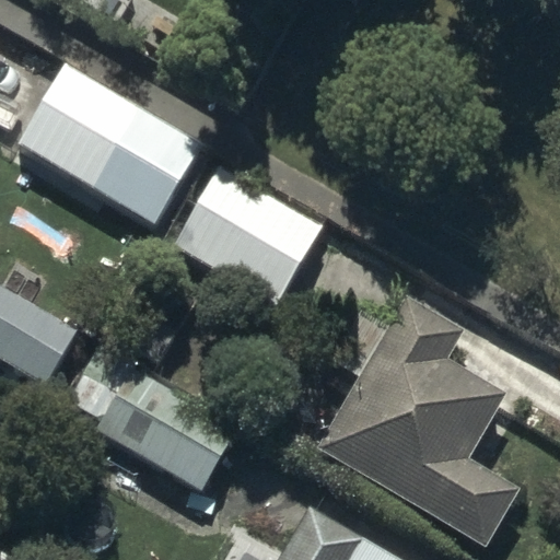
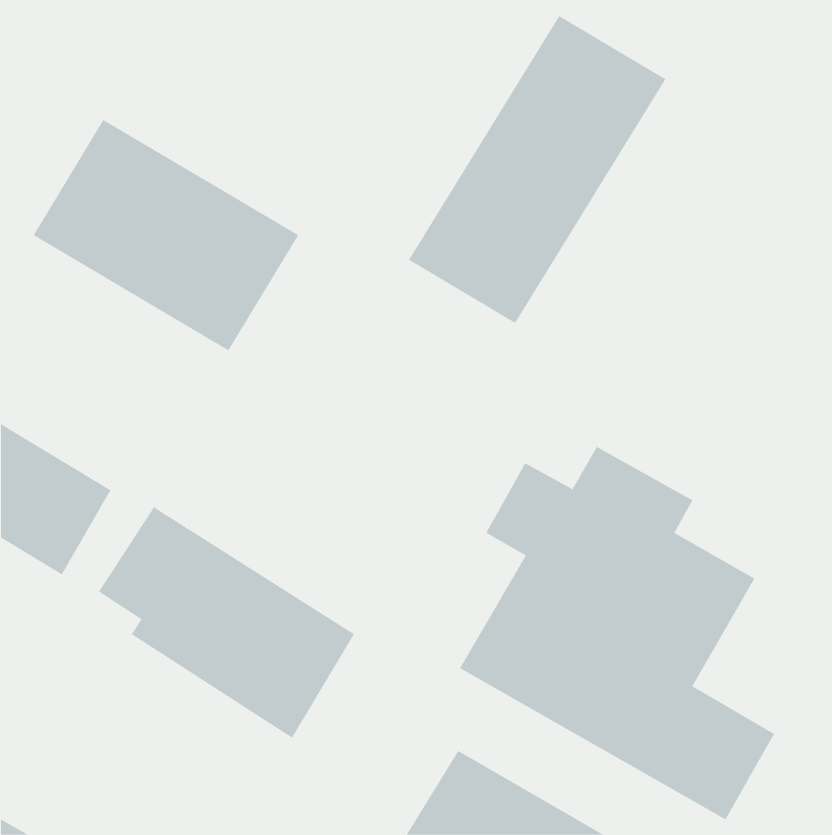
building: none -> [408,15,666,324]
building: [168,164,324,306] -> none

